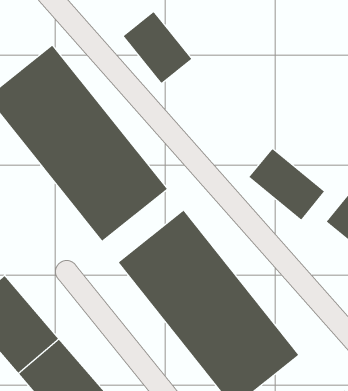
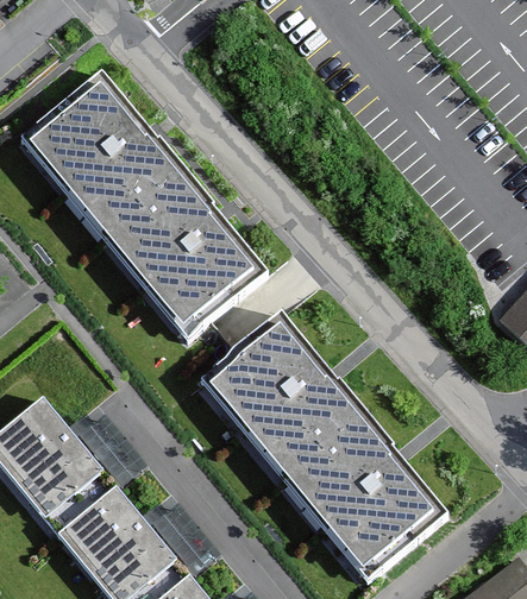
building: [123,11,192,84] -> none
building: [248,148,325,220] -> none

